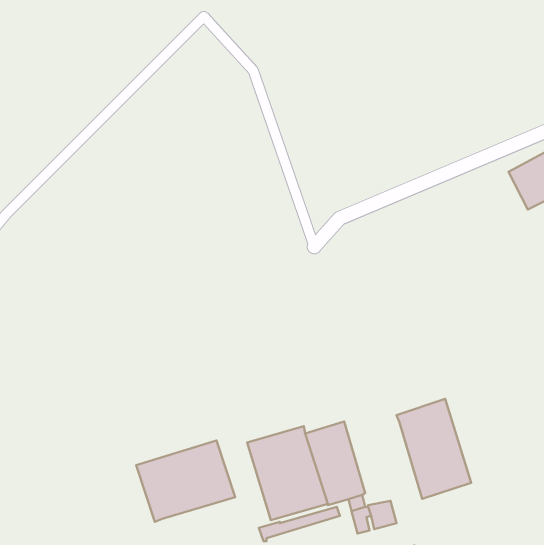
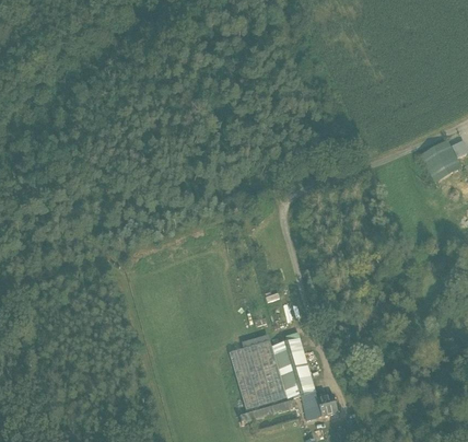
building: [396,399,471,499] -> none
building: [136,440,235,522] -> none

